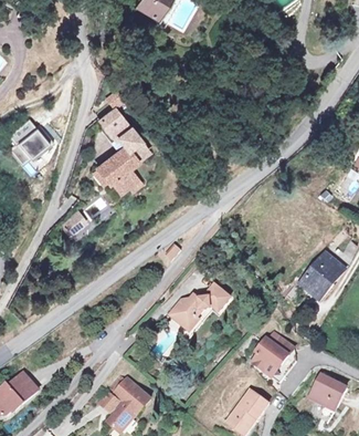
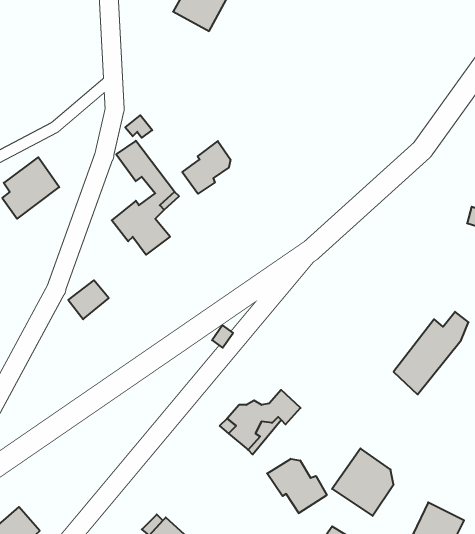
building: none -> [182,141,230,194]
building: none -> [267,459,327,513]

